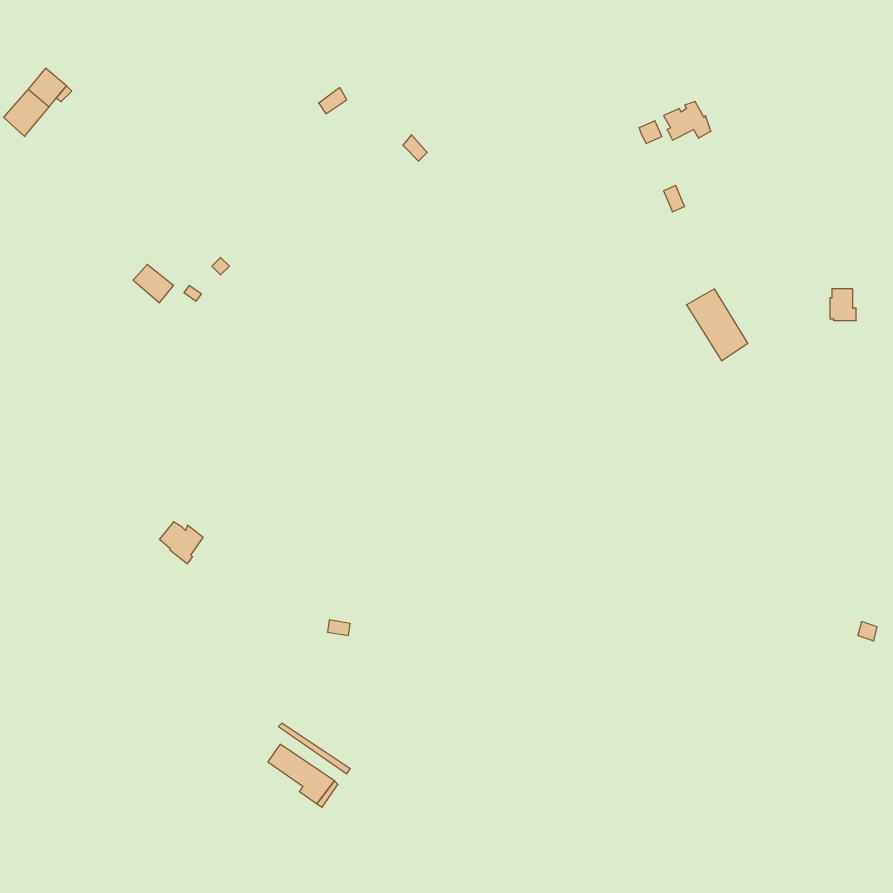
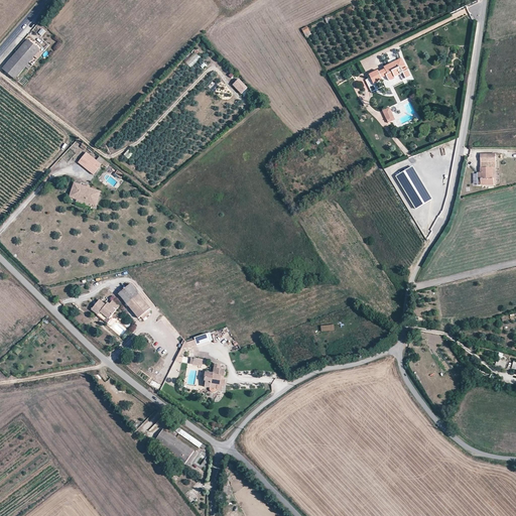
building: none -> [69,181,99,205]
building: none -> [117,283,148,316]
building: none -> [203,364,225,389]

